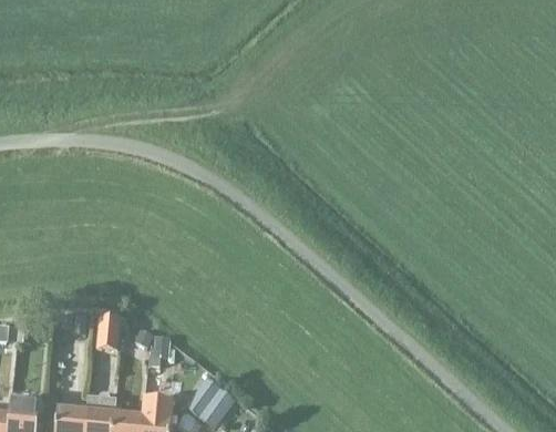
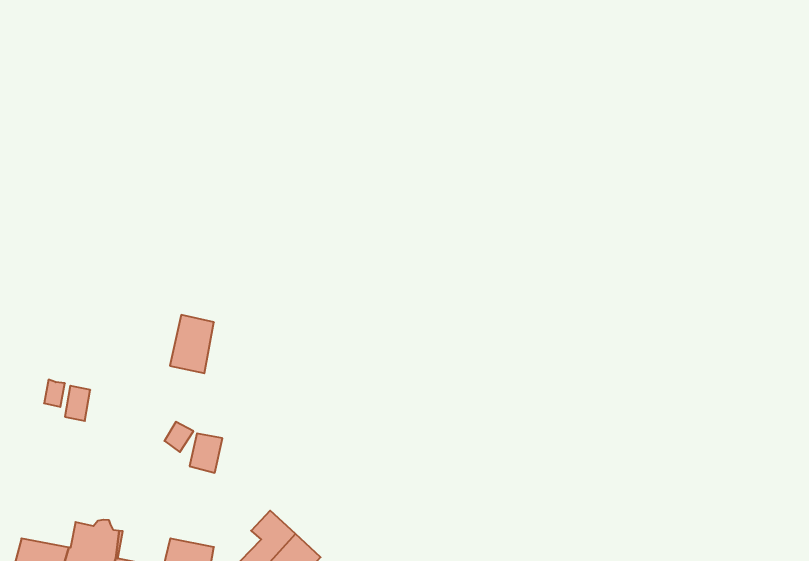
building: [95,320,119,353] -> [170,315,214,373]

